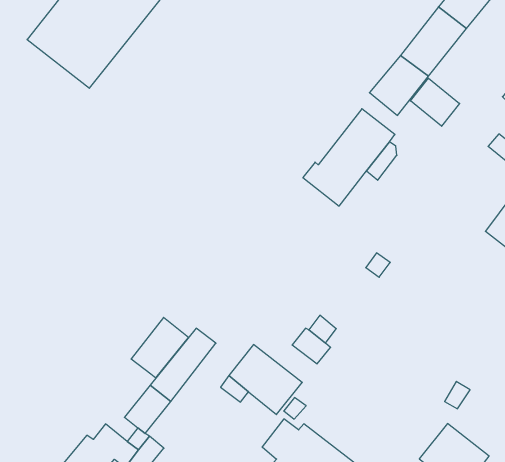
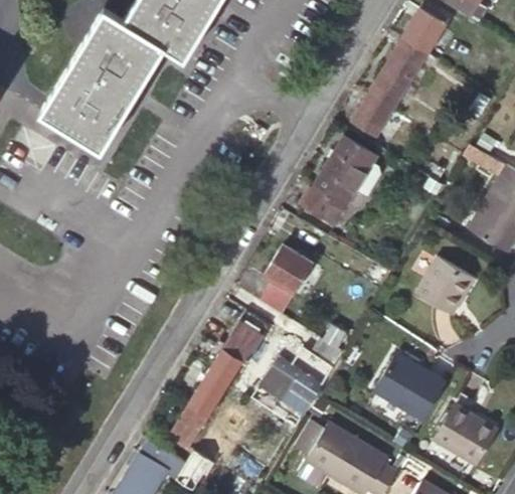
building: [410,78,460,126] -> none
building: none -> [260,243,313,313]
building: none -> [416,257,474,314]
building: [131,317,188,378] -> [223,308,272,362]
building: none -> [373,351,446,420]

